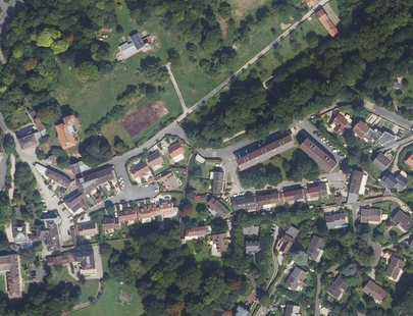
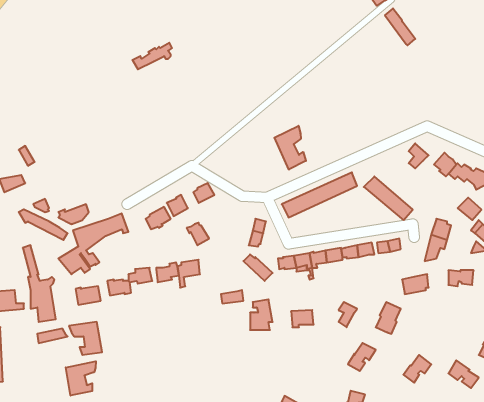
building: none -> [274,126,306,170]
building: [55,115,75,147] -> none
building: none -> [66,361,96,396]

